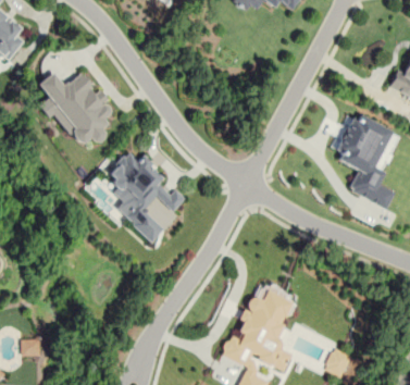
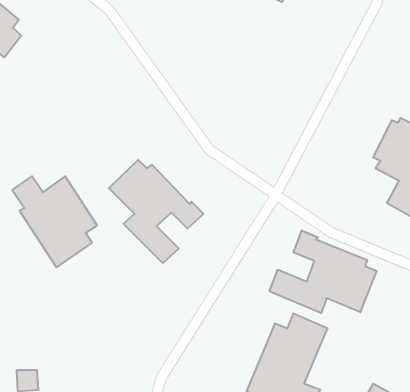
building: [36,72,111,152] -> [12,176,97,267]
building: none -> [270,230,377,313]

